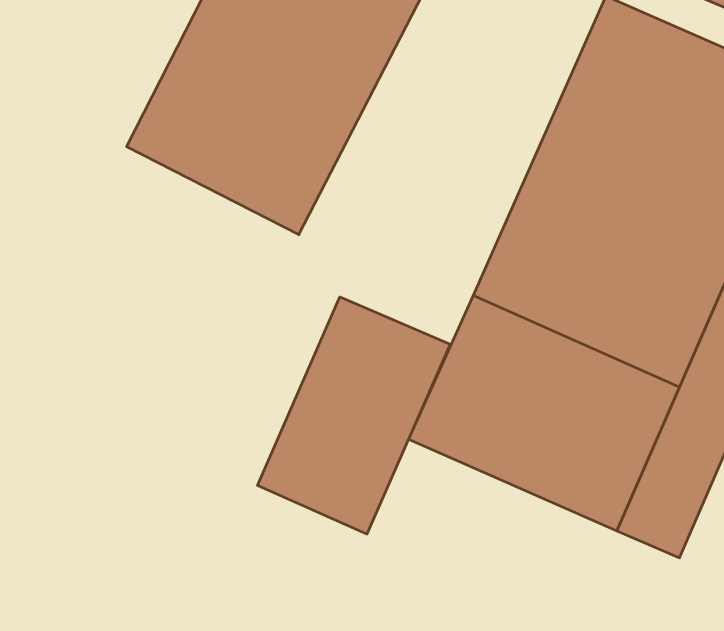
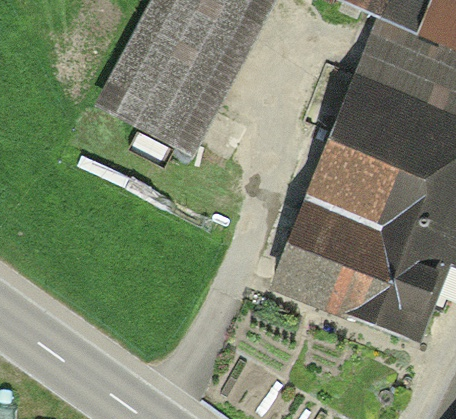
building: [258,297,450,534] -> none

